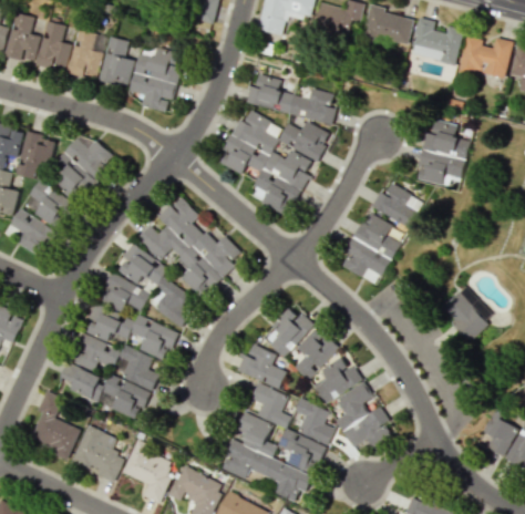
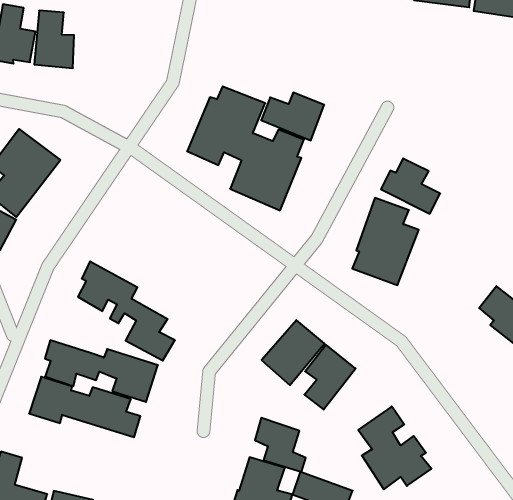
building: [130,48,183,112] -> none
building: [246,73,338,123] -> none
building: [415,119,470,184] -> none
building: [137,195,244,298] -> none
building: [99,274,150,310] -> none
building: [237,343,286,388] -> none
building: [313,356,362,403] -> none
building: [58,362,152,419] -> none
building: [295,399,334,443] -> none

